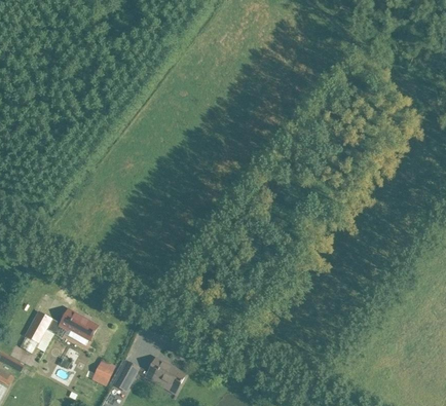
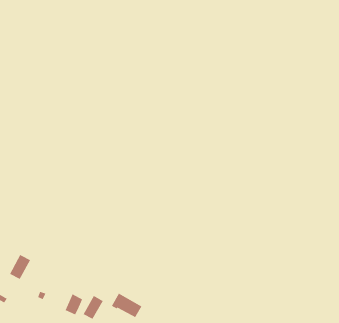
building: [59,309,98,340] -> none

